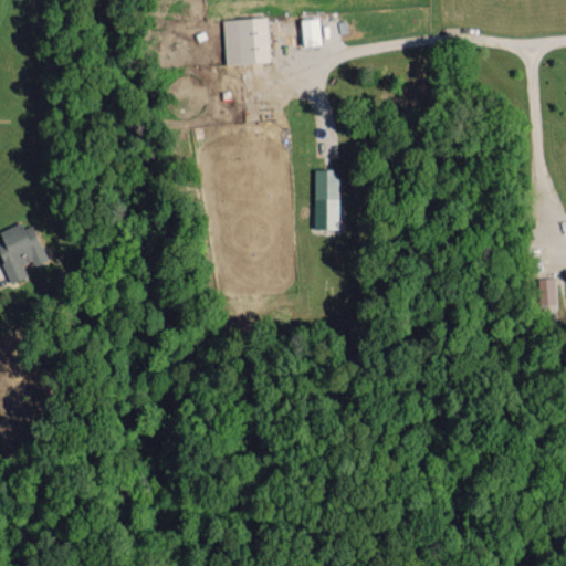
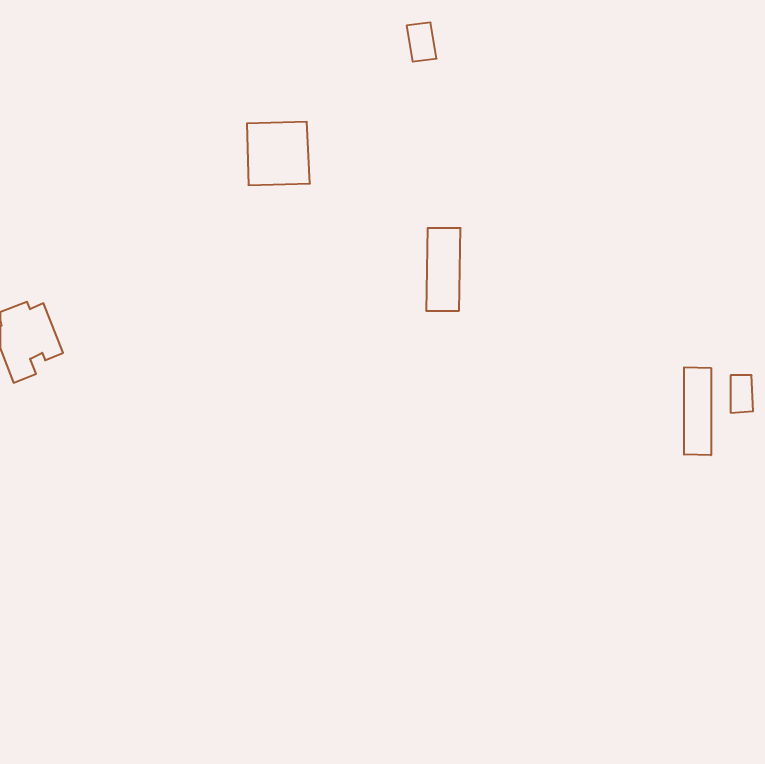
building: [224,19,271,65] -> [247,122,310,185]
building: none -> [684,367,711,455]

